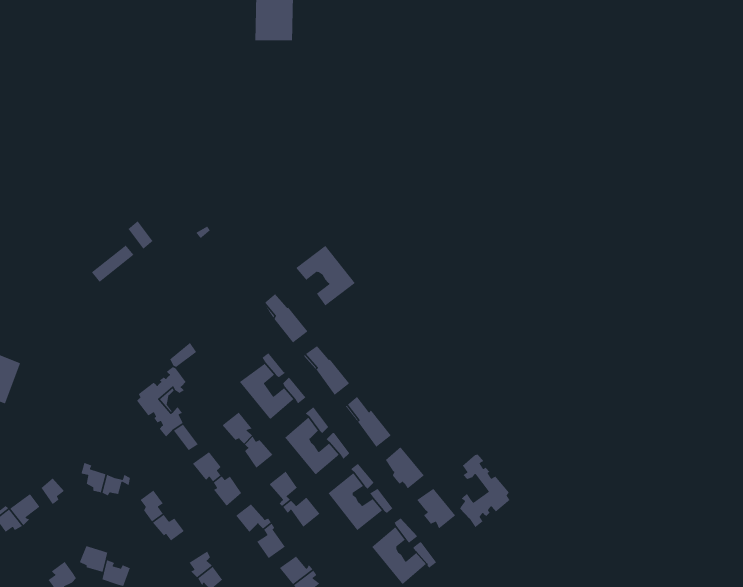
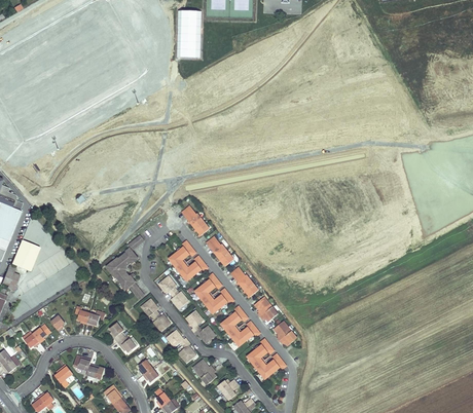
building: [295,245,356,306] -> none
building: [460,454,511,528] -> none

